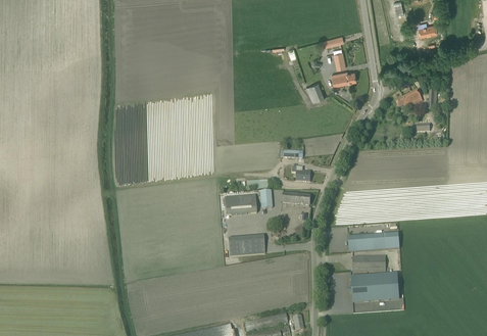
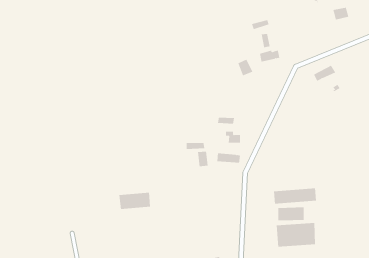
building: [225,195,256,215] -> none
building: [227,236,264,256] -> [118,192,151,210]

